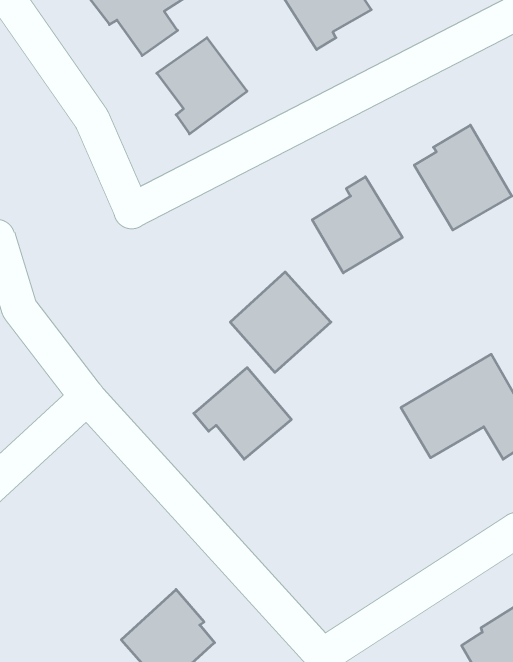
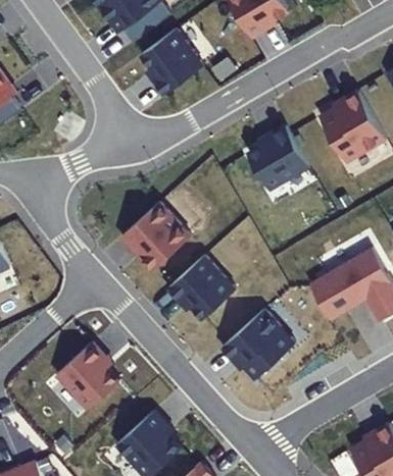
building: [230,272,331,372] -> [120,203,190,272]
building: none -> [220,309,294,379]
building: none -> [55,342,118,410]

